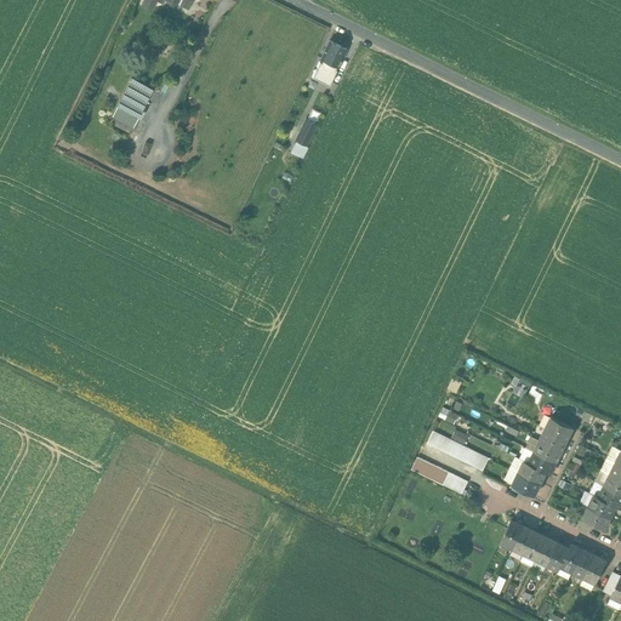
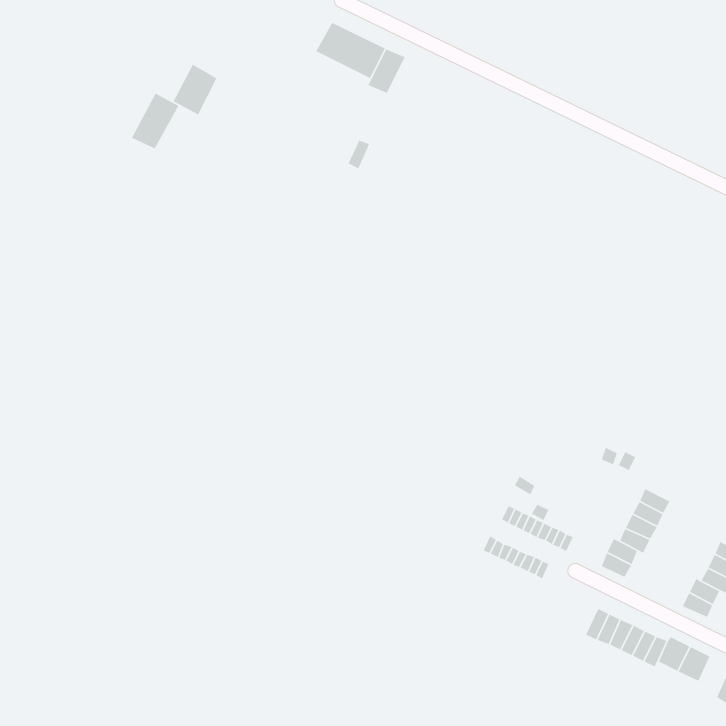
building: none -> [315,22,386,79]
building: none -> [172,64,217,115]

